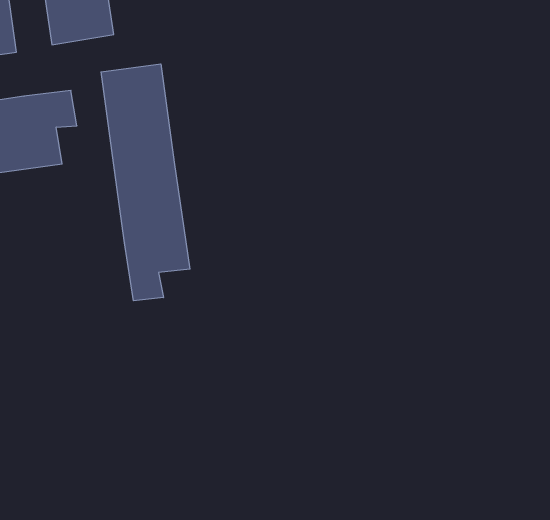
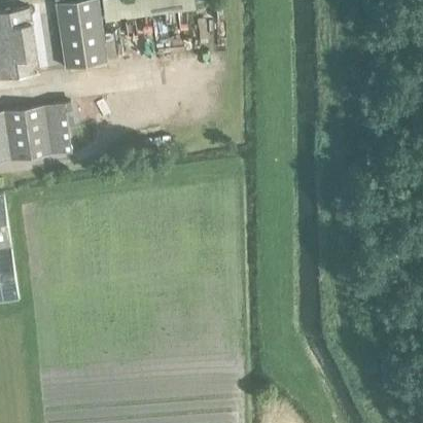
building: [101,64,190,301] -> none

